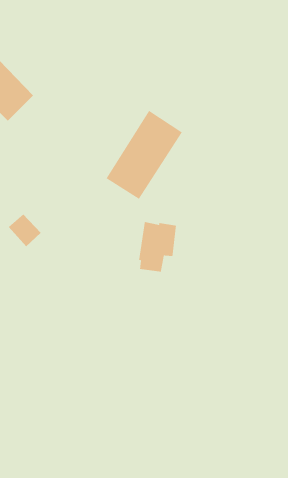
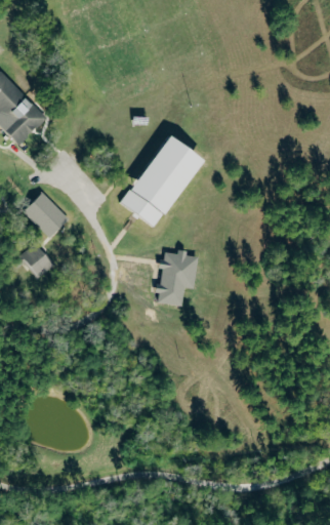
building: none -> [23,193,68,238]

